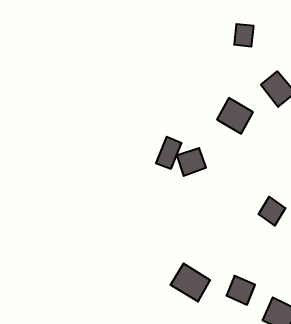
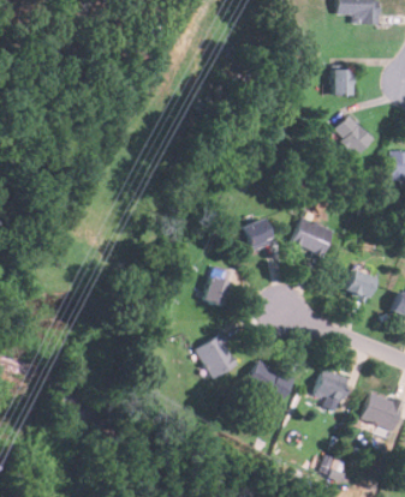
building: [234,24,254,46] -> [332,68,353,94]
building: [217,98,253,134] -> [291,216,334,258]
building: [156,137,182,169] -> [204,267,233,305]
building: none -> [198,336,236,377]

